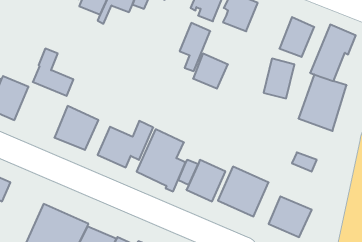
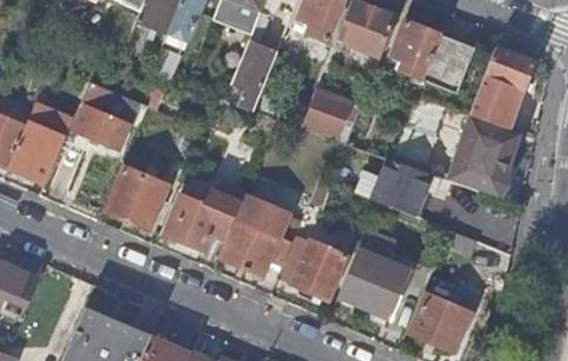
building: none -> [388,21,442,81]
building: [180,23,210,71] -> [232,41,276,110]
building: none -> [374,160,431,216]

